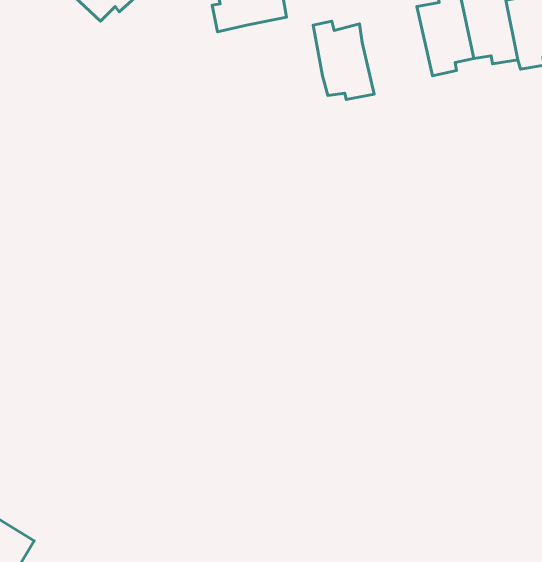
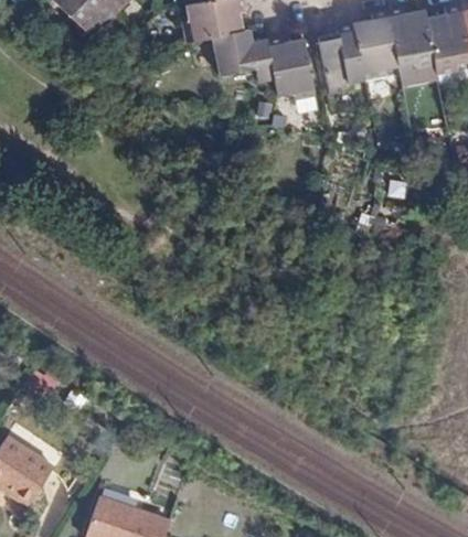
building: none -> [323,22,371,94]
building: none -> [216,30,279,83]

